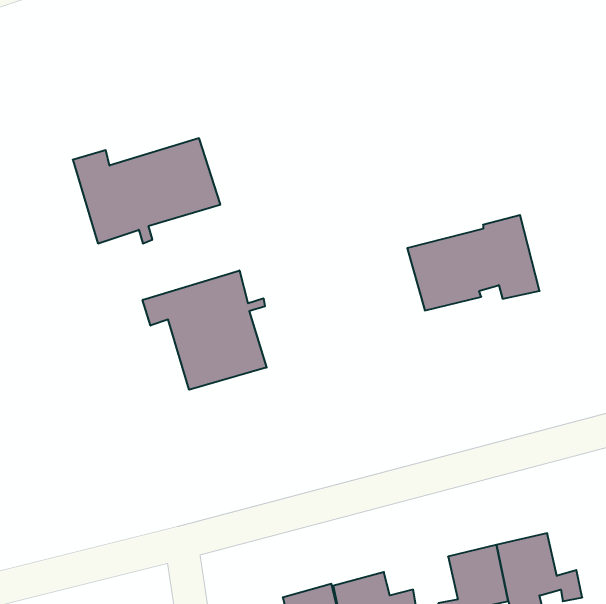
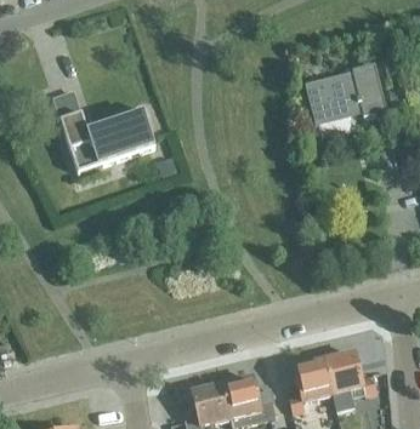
building: [407,215,540,310] -> [305,64,387,124]
building: [143,270,267,390] -> none

